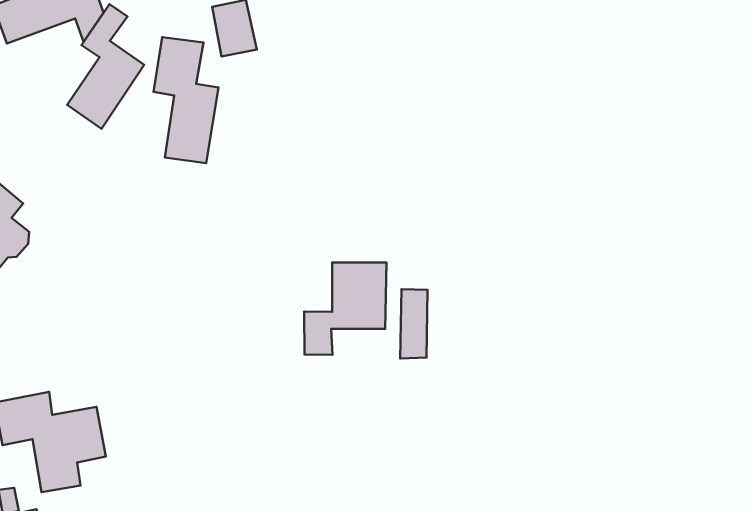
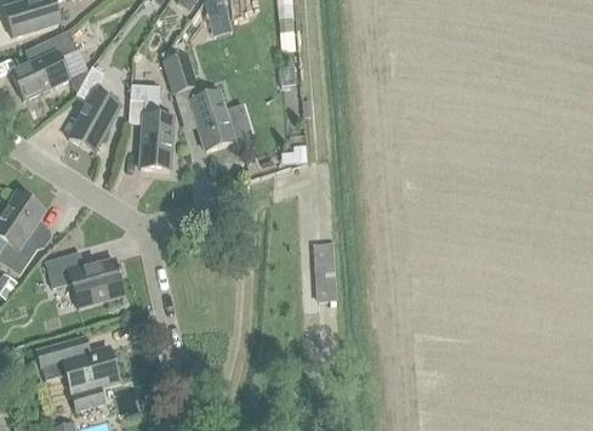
building: none -> [190,90,251,149]
building: [304,262,386,355] -> none
building: none -> [45,251,125,307]

